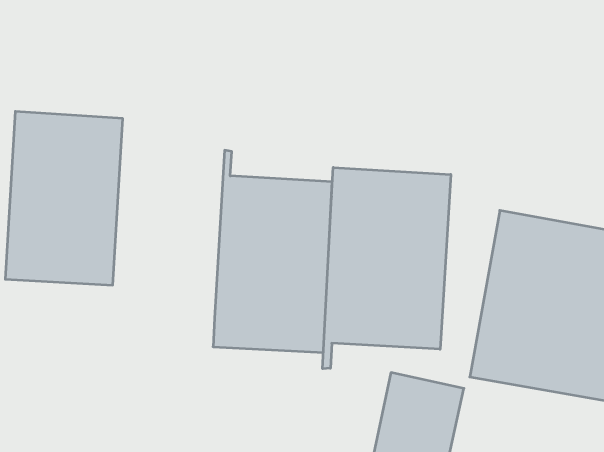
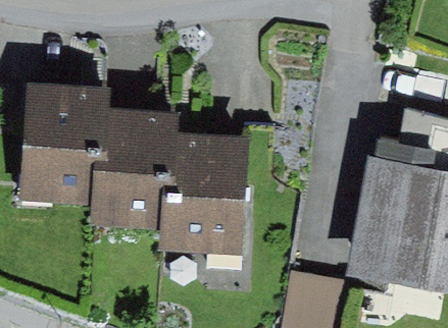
building: none -> [94,90,175,231]
building: [323,167,451,369] -> none

